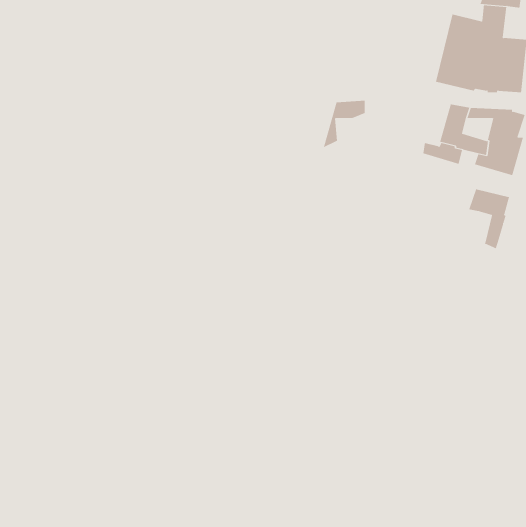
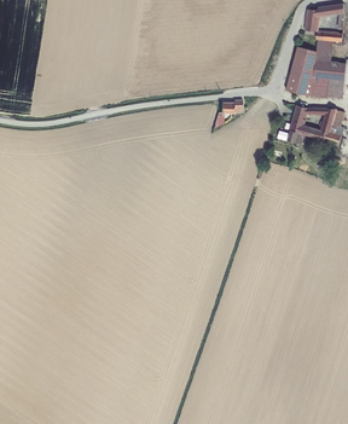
building: [469,189,510,249] -> none

